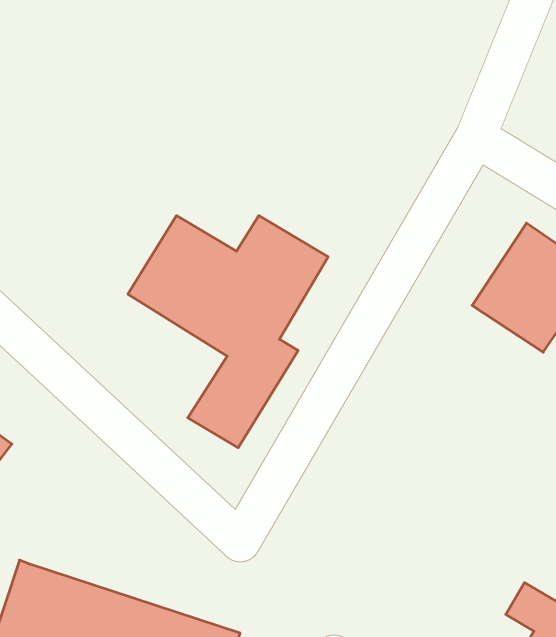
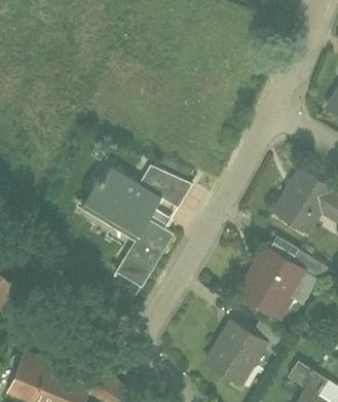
building: none -> [235,243,310,320]
building: none -> [201,316,271,386]

